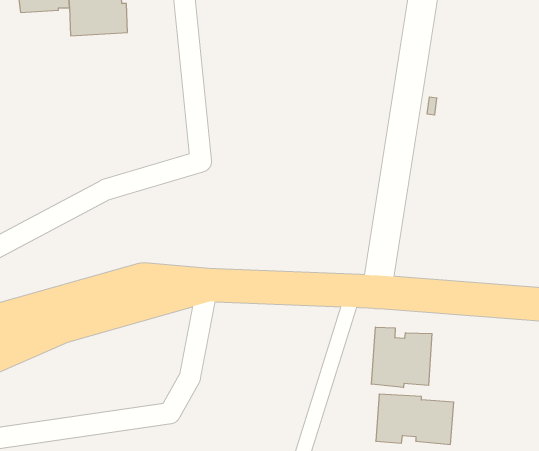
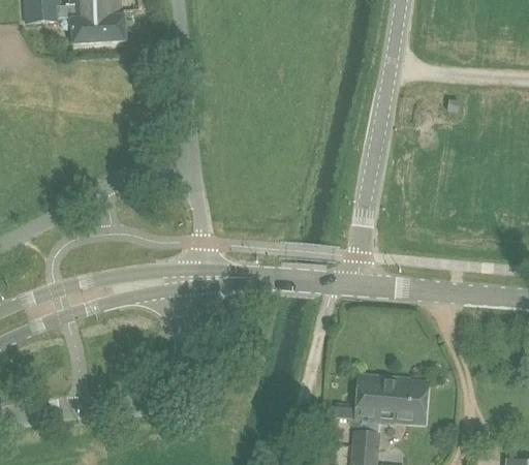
building: [371,327,432,388] -> none

